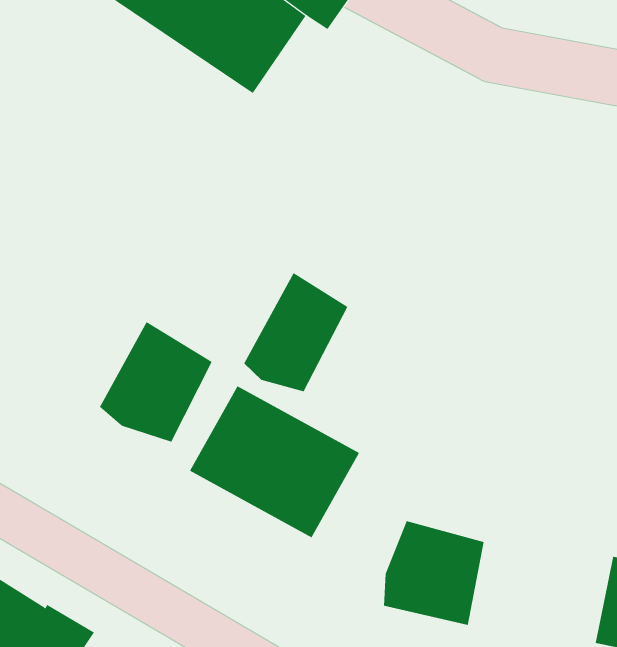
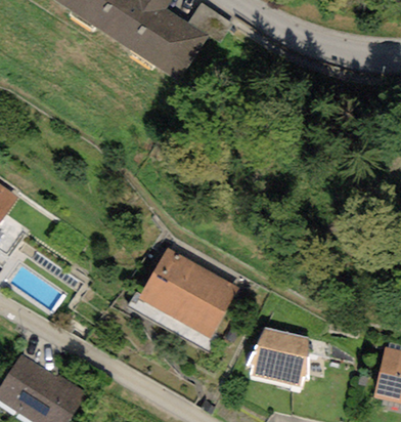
building: [243,272,348,392] -> none
building: [99,321,213,443] -> none

